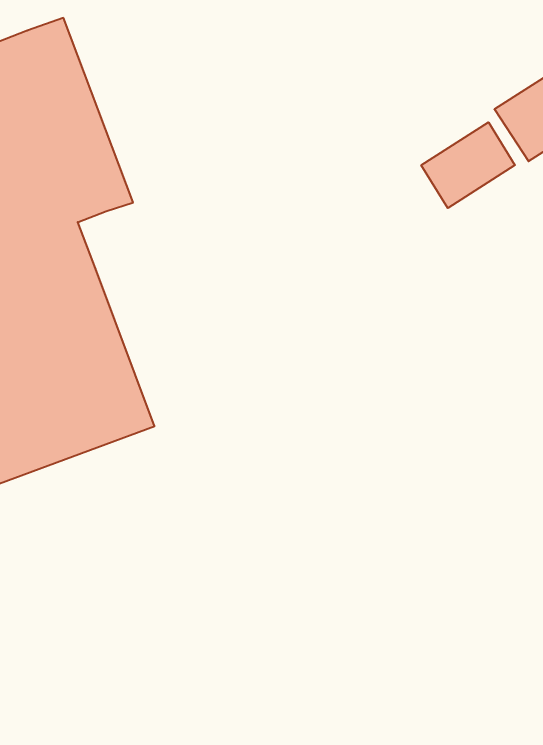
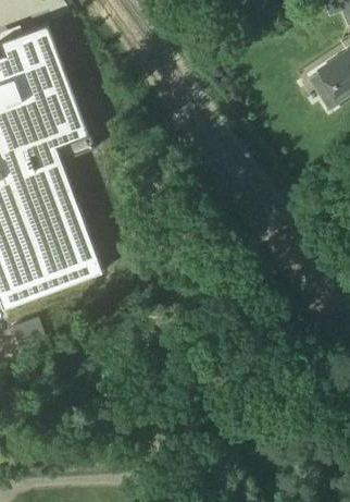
building: [421,122,515,208] -> none

